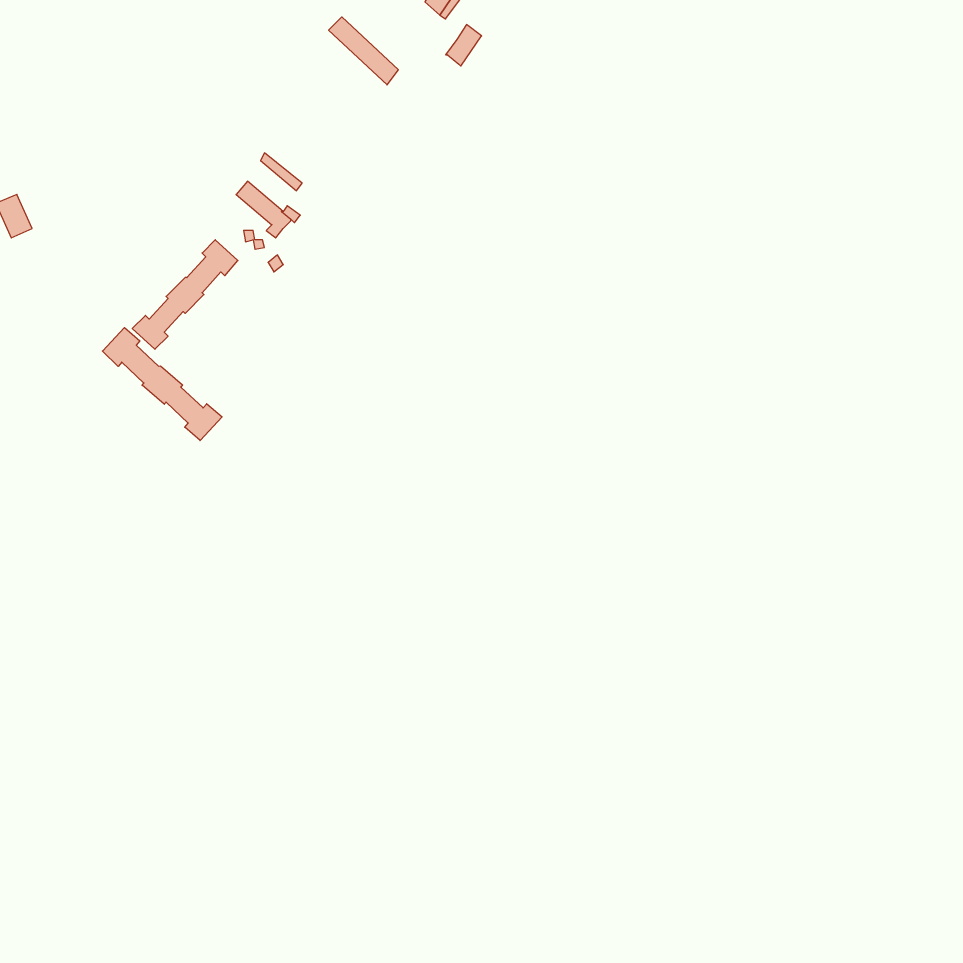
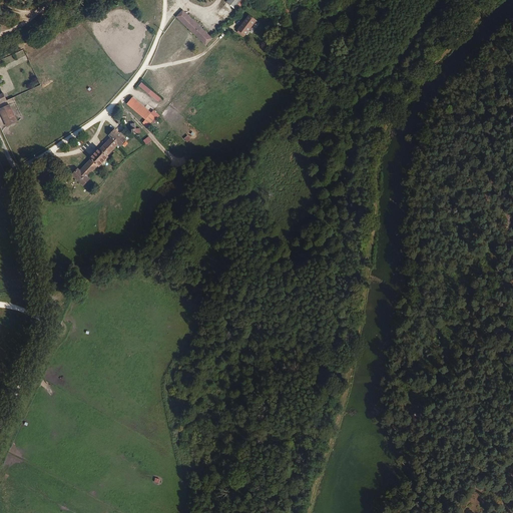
building: [102,328,222,441] -> none

